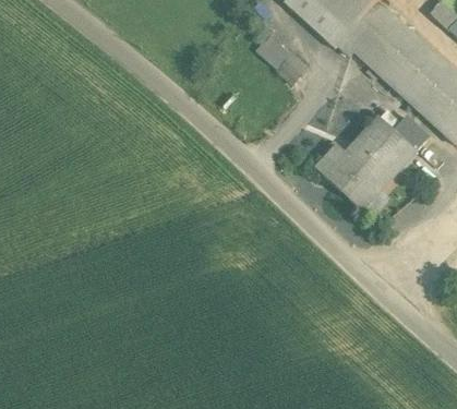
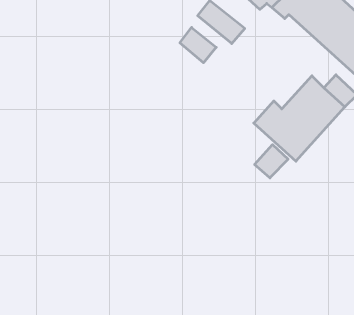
building: none -> [180,27,216,63]
building: none -> [255,145,288,178]

